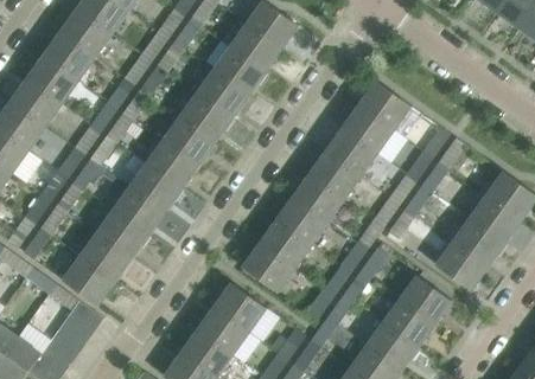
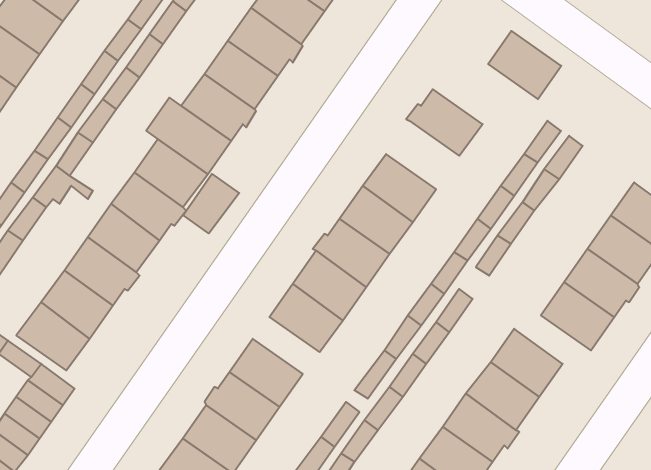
building: [358,81,410,129] -> [488,31,561,99]
building: [325,127,377,175] -> none
building: none -> [183,174,239,233]

